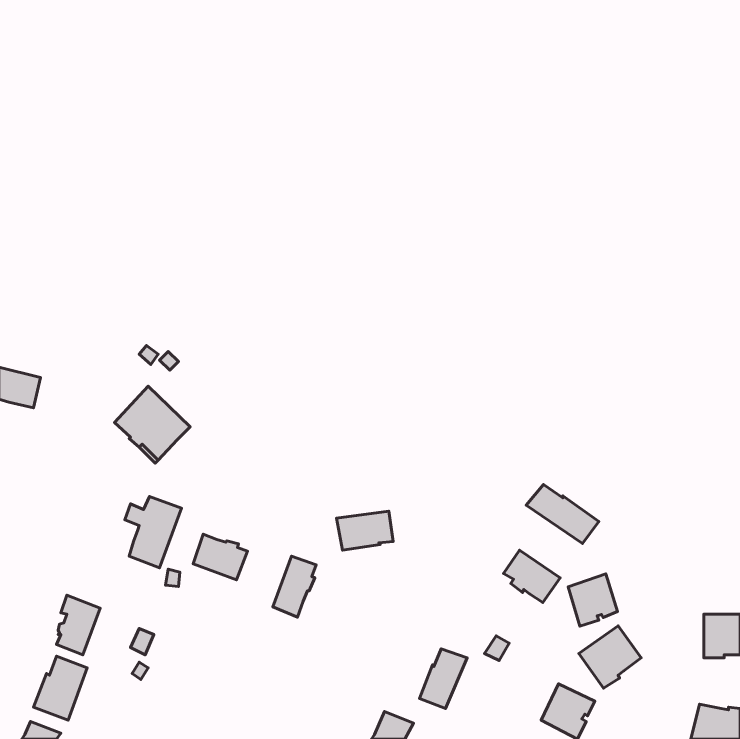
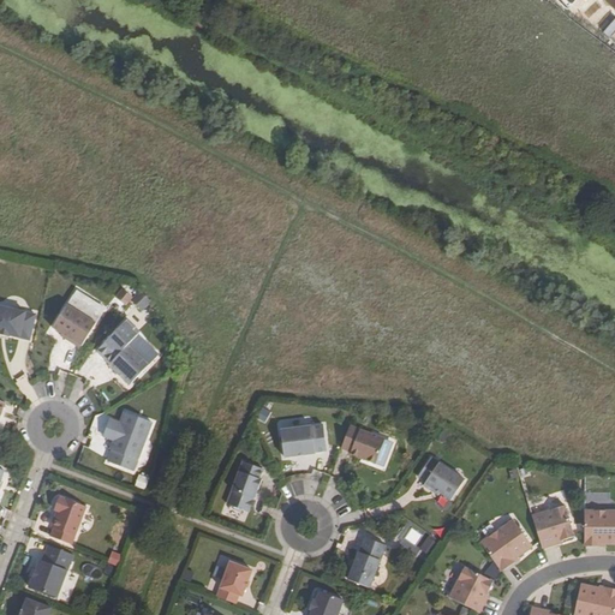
building: none -> [50,292,101,342]
building: [526,485,599,544] -> none
building: none -> [340,424,383,461]
building: [193,534,247,580] -> none
building: [568,574,618,626] -> [531,503,572,547]
building: none -> [217,561,252,603]

